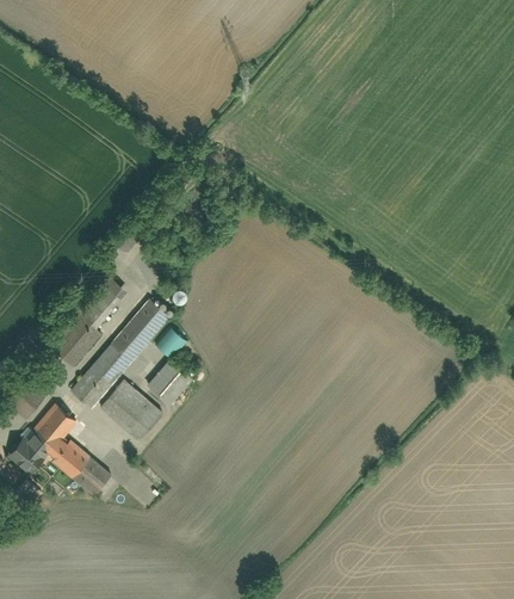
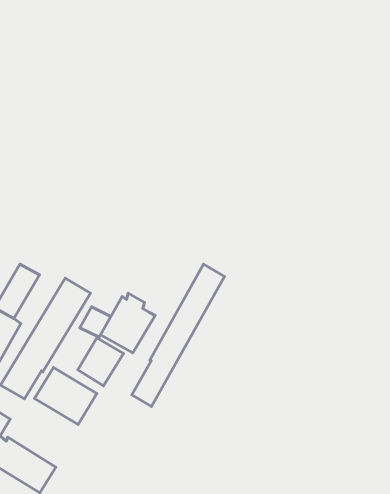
building: none -> [132,264,225,407]
building: none -> [100,293,155,353]

